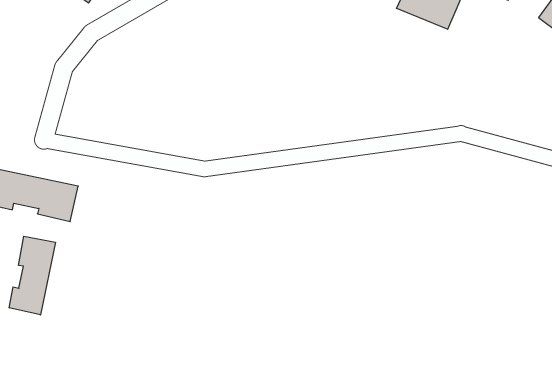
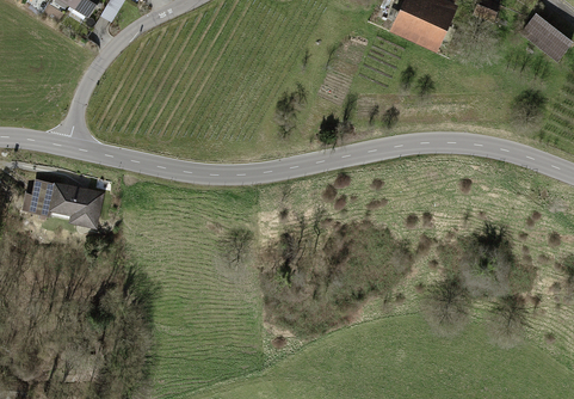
building: [9,236,55,315] -> none

